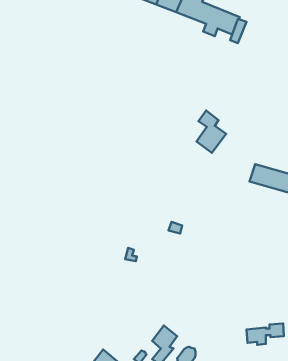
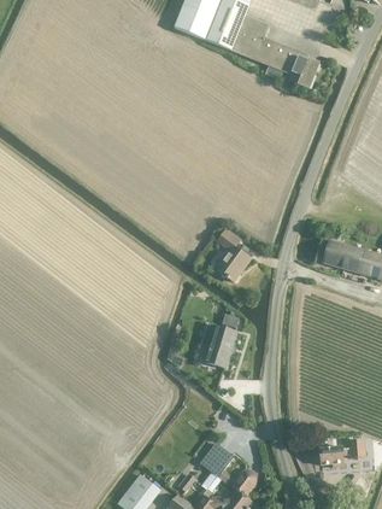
building: [196,111,226,153] -> [213,228,251,281]
building: none -> [201,322,236,368]

